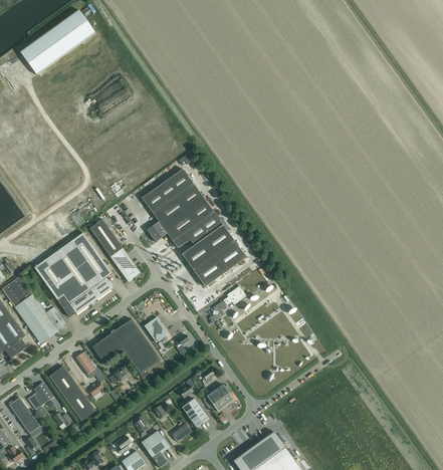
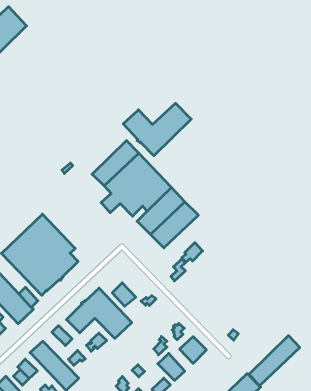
building: none -> [123,103,191,156]
building: [90,220,141,282] -> none
building: none -> [249,336,300,386]

